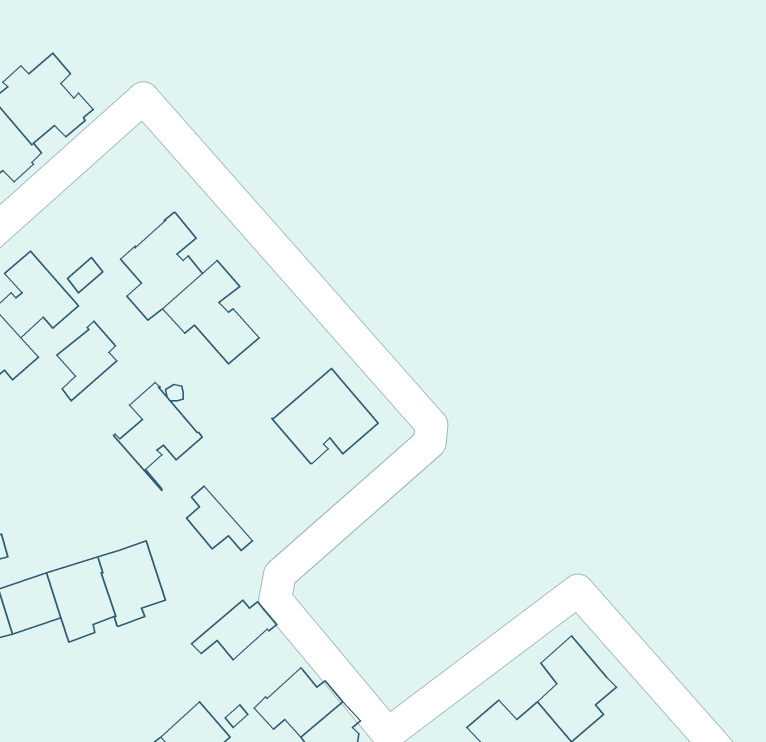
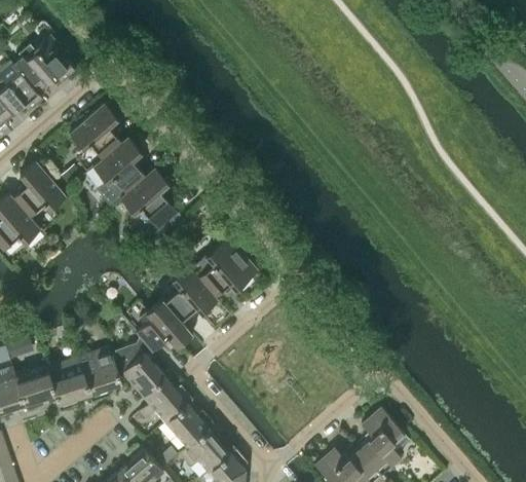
building: none -> [68,103,121,159]
building: [57,321,117,401] -> none
building: [113,382,202,490] -> [160,265,217,334]
building: none -> [117,353,165,398]
building: none -> [164,403,213,447]

